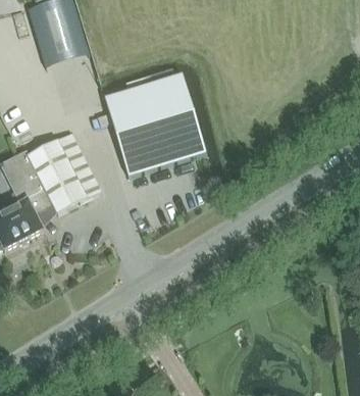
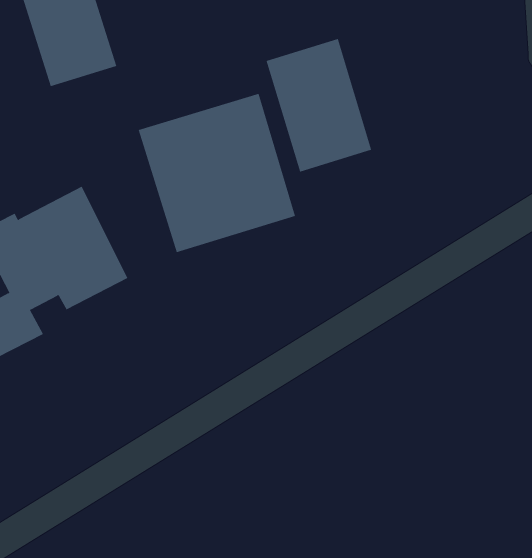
building: none -> [266,38,372,172]

